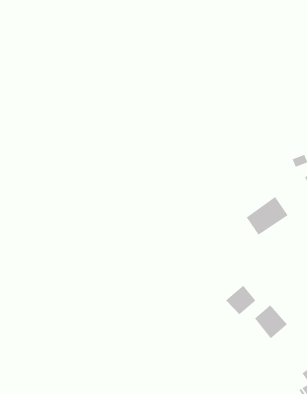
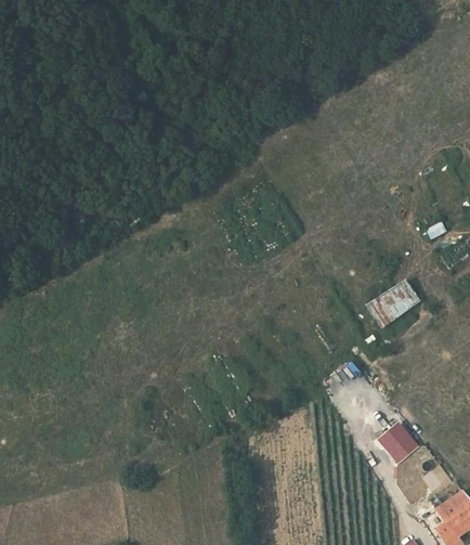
building: [225,285,256,315] -> none

